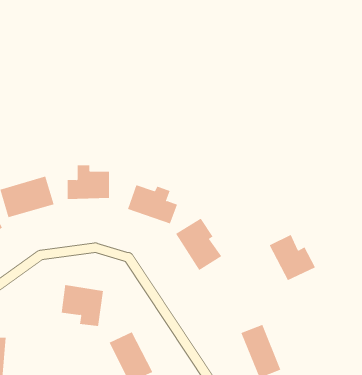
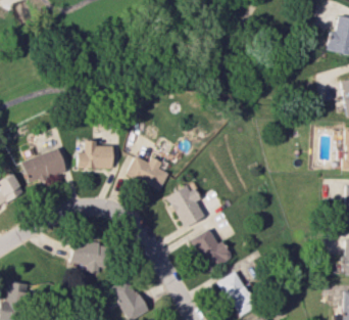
building: [269,234,316,281] -> [193,230,232,269]

